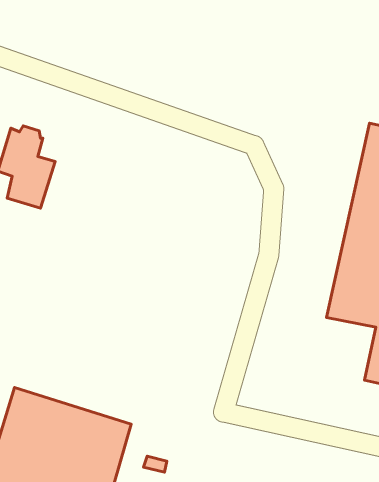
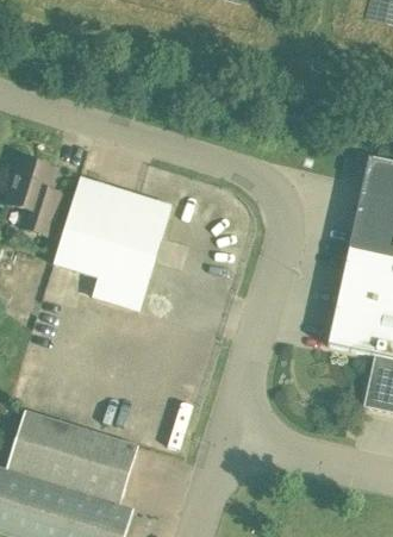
building: none -> [54,176,171,312]

